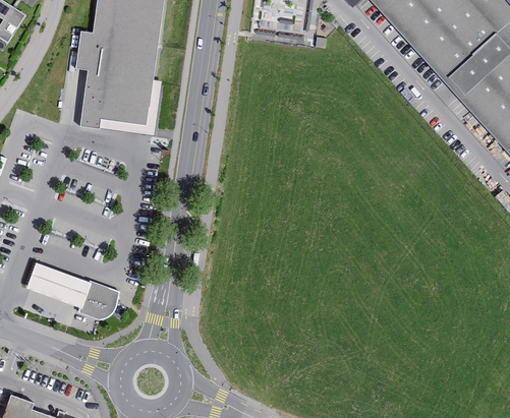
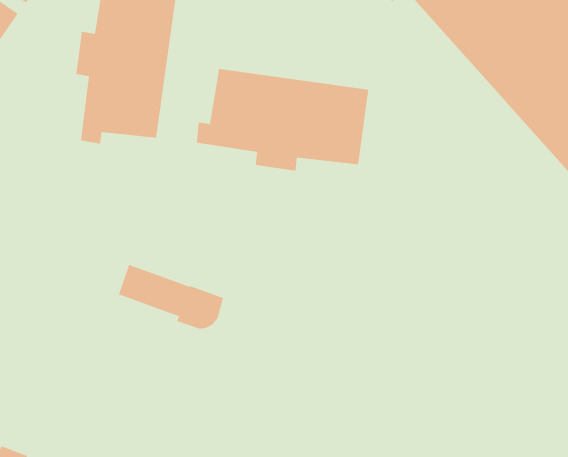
building: none -> [196,68,369,171]
building: [27,262,120,319] -> [118,264,224,329]

